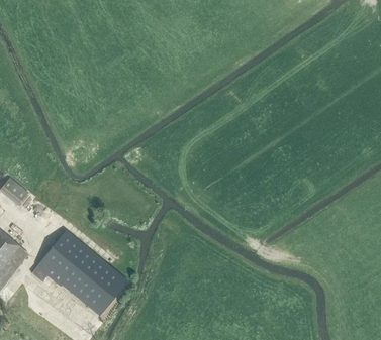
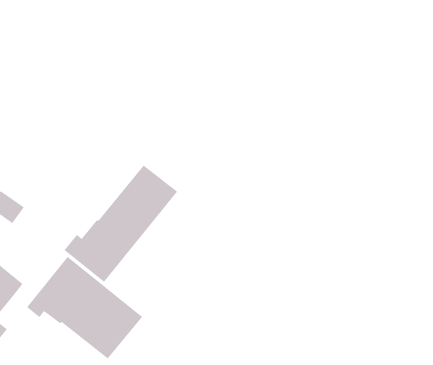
building: none -> [64,165,178,283]

